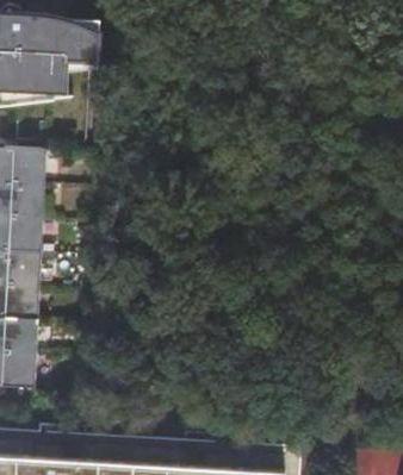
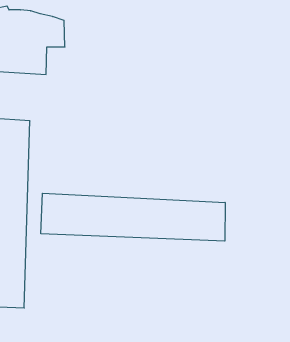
building: none -> [41,193,225,241]

